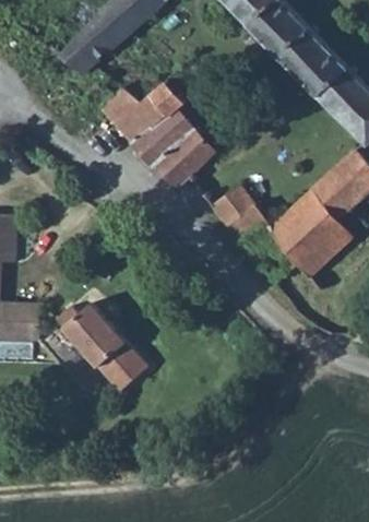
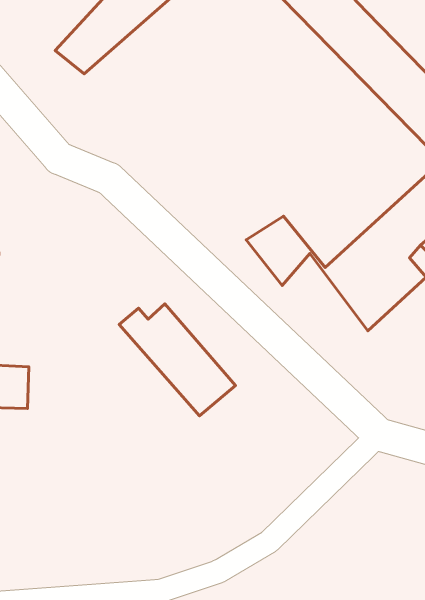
building: [98,79,207,187] -> none
building: [56,302,147,391] -> [119,304,235,416]

